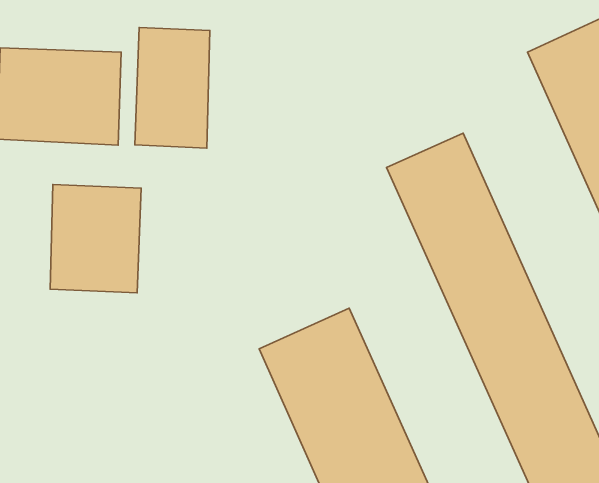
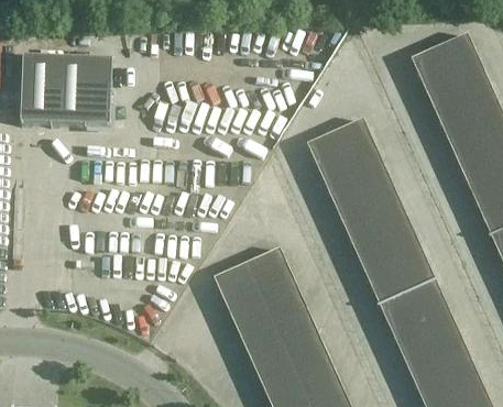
building: [135,27,210,148] -> none
building: [50,185,141,293] -> none

